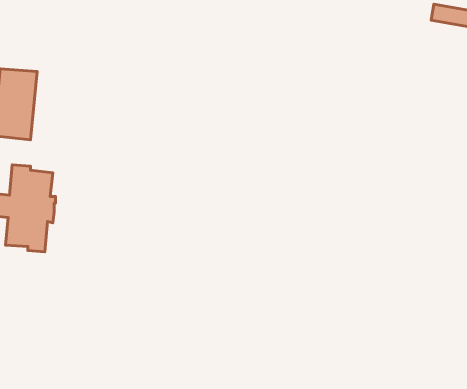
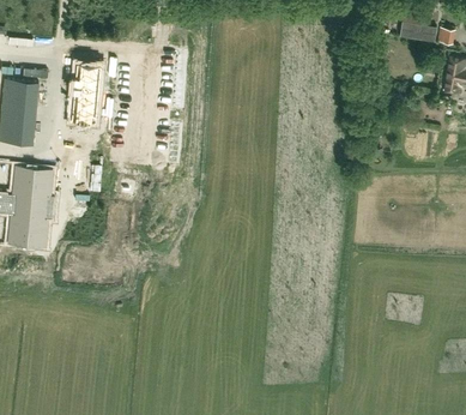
building: none -> [71,60,99,121]

